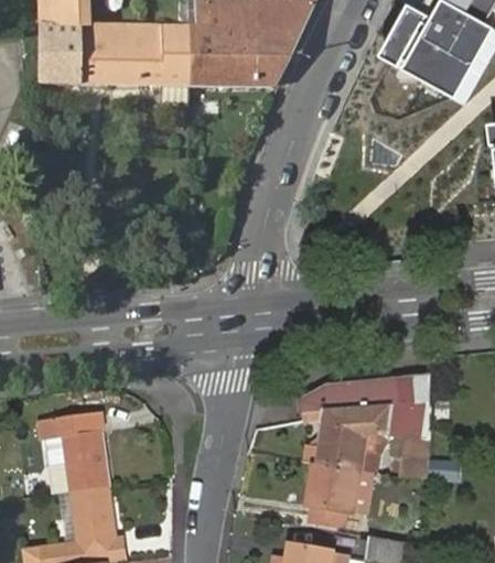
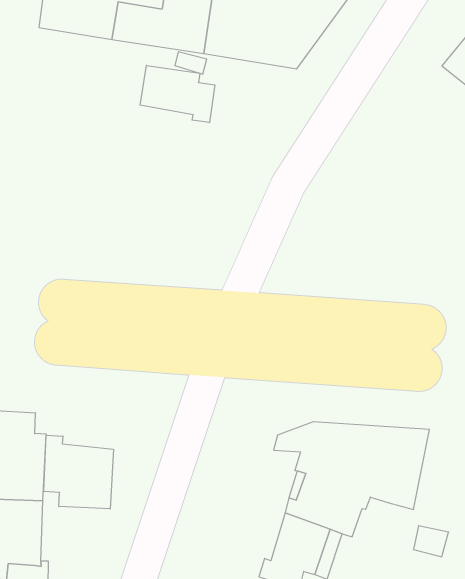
building: none -> [140,65,215,123]
building: none -> [44,435,113,509]
building: [400,440,427,483] -> none

